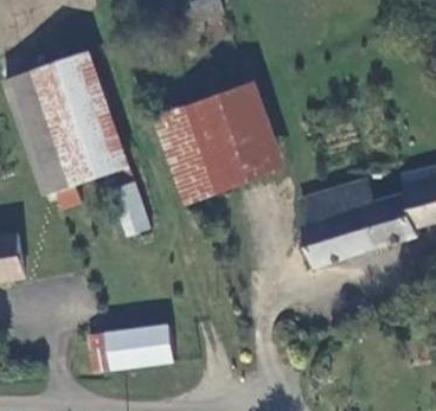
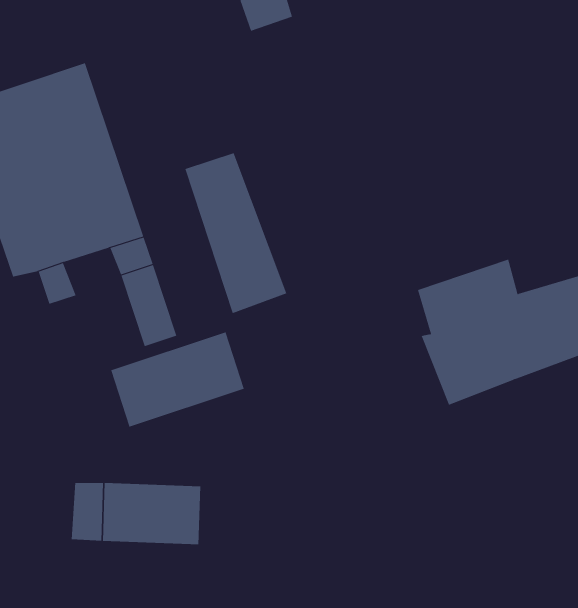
building: [186,82,289,200] -> none
building: none -> [110,331,245,428]

